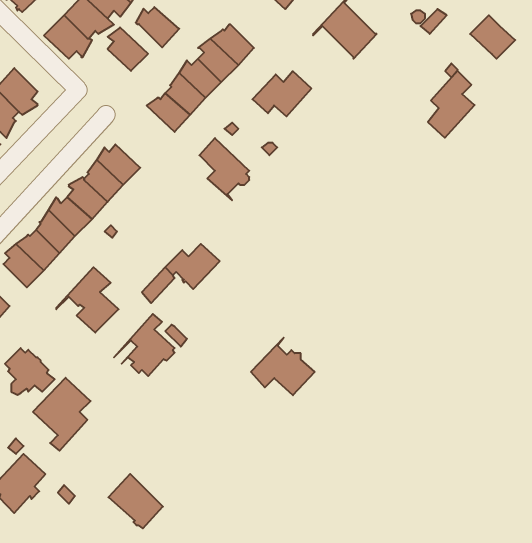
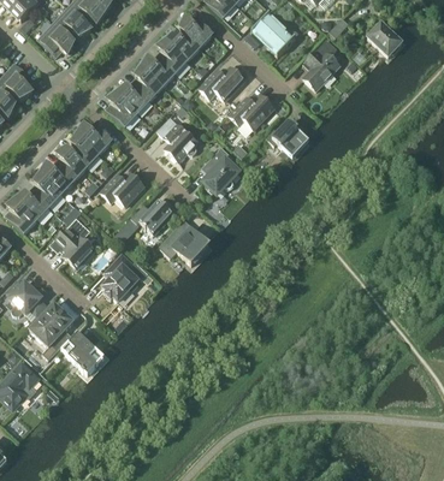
building: [136,7,179,47] -> [179,16,213,47]
building: [108,27,148,71] -> [107,91,138,125]
building: [428,71,475,138] -> [303,37,339,89]
building: none -> [229,93,274,127]
building: none -> [266,119,307,150]
building: none -> [200,146,238,194]
building: none -> [94,171,144,204]
building: [251,338,315,395] -> [159,219,208,263]
building: [108,474,163,528] -> [61,331,103,373]

